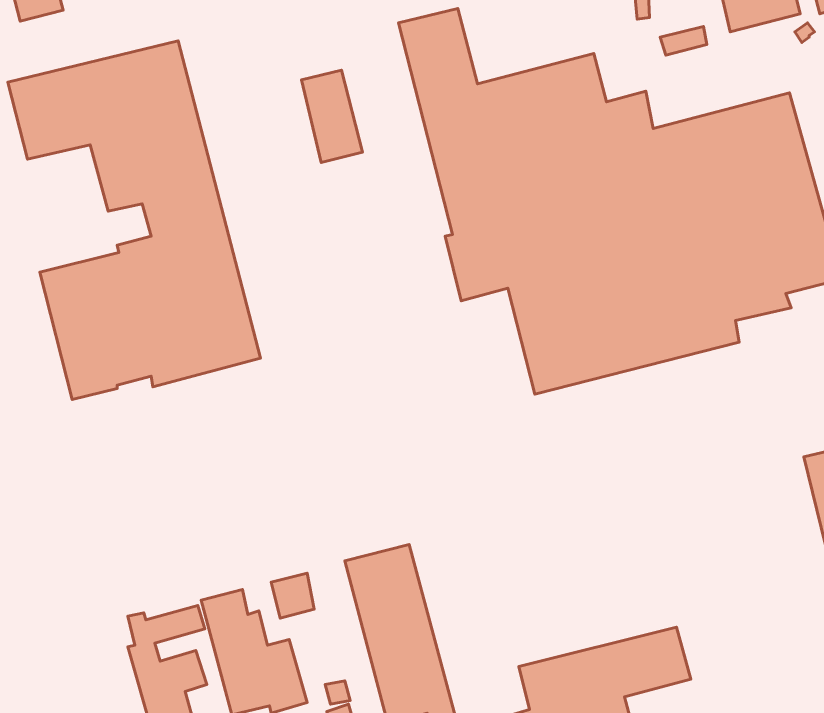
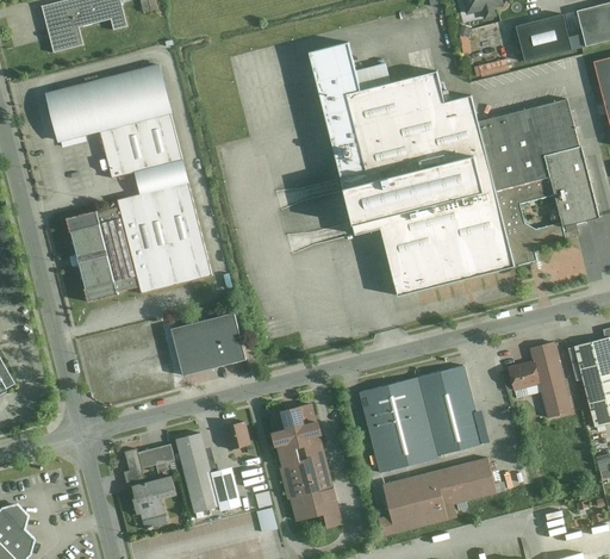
building: [301,70,362,162] -> none
building: none -> [170,316,248,380]
building: none -> [500,338,572,416]
building: none -> [360,366,484,472]

